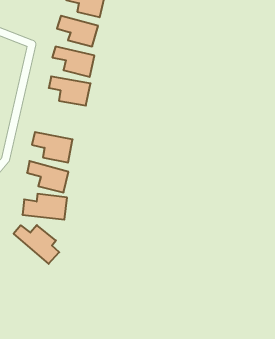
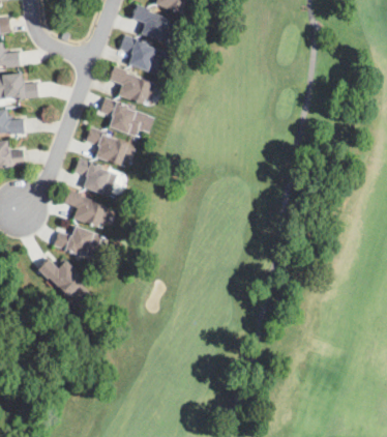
building: none -> [85,129,133,167]

